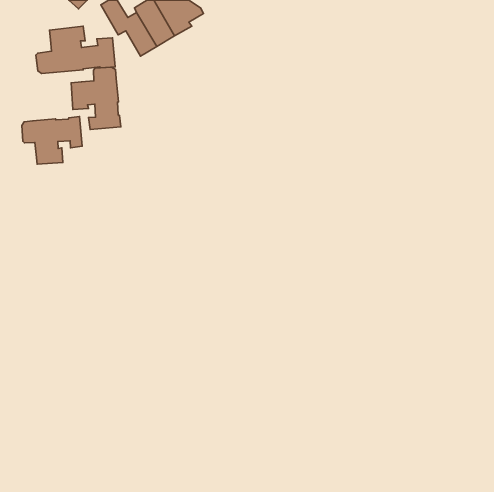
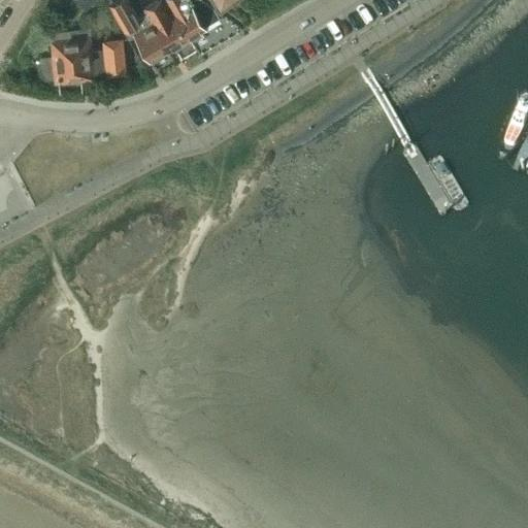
building: [71,67,121,130] -> none
building: [22,116,82,164] -> none

